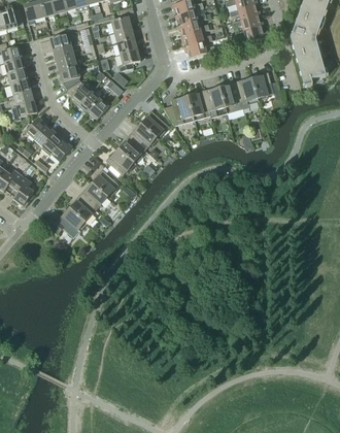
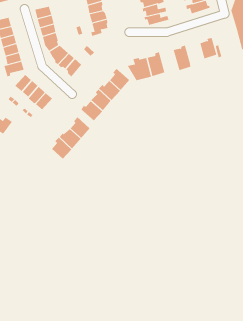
building: [235,78,258,107] -> none
building: [203,87,227,116] -> none
building: [11,175,33,206] -> none
building: [52,208,84,237] -> none

